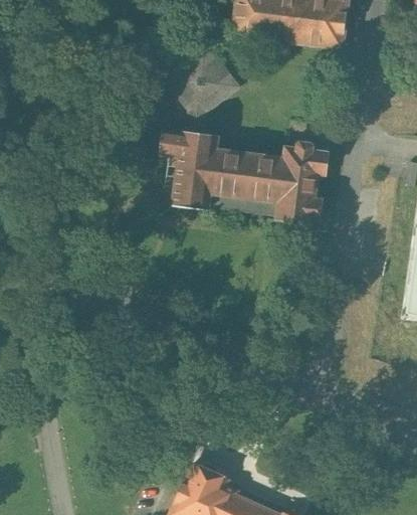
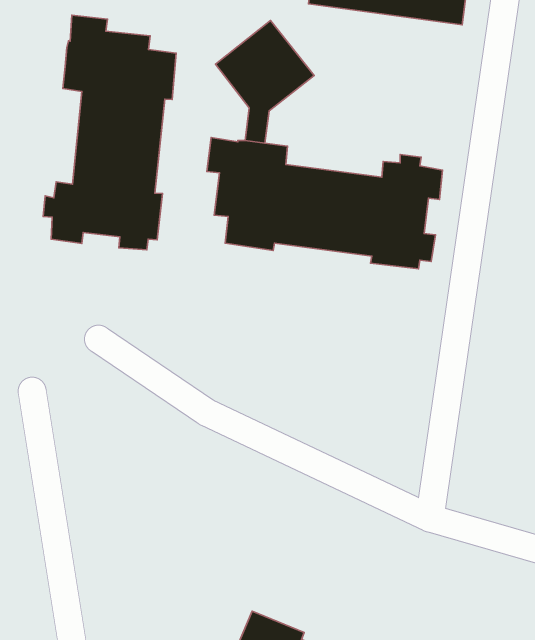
building: none -> [43,15,176,250]

